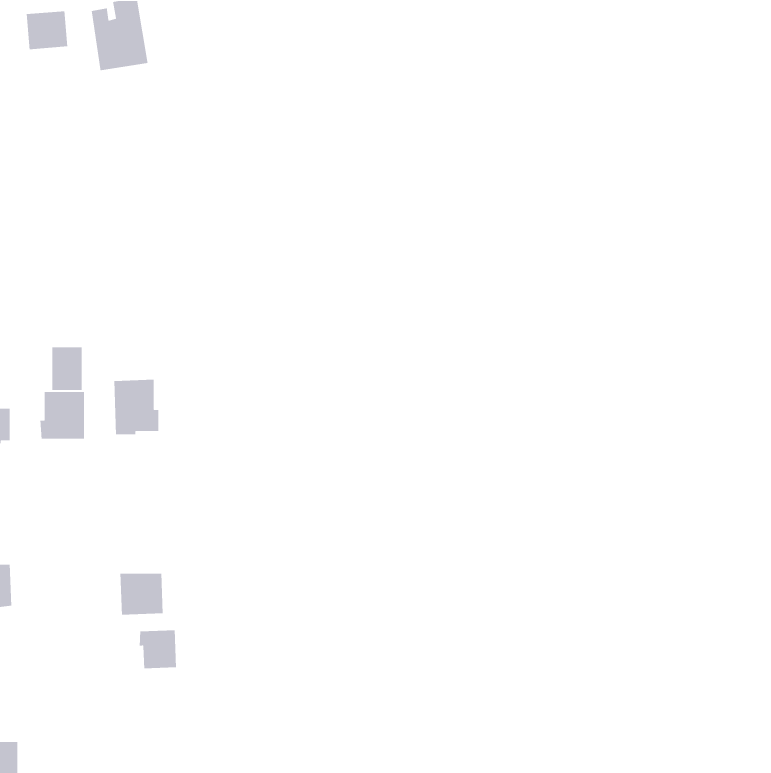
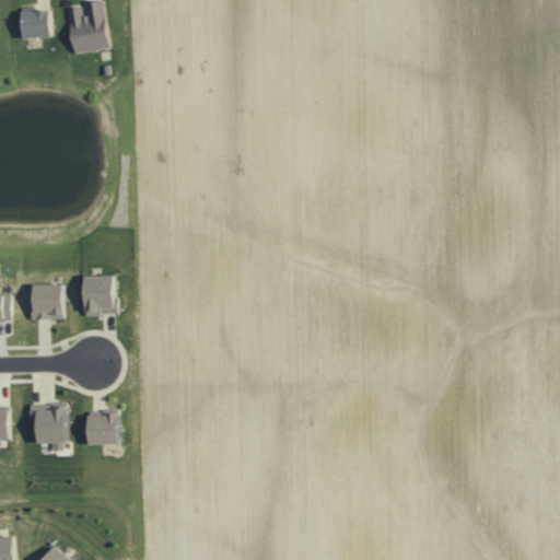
building: [52,347,83,391] -> none
building: none -> [30,404,66,442]
building: [139,629,177,669] -> none

